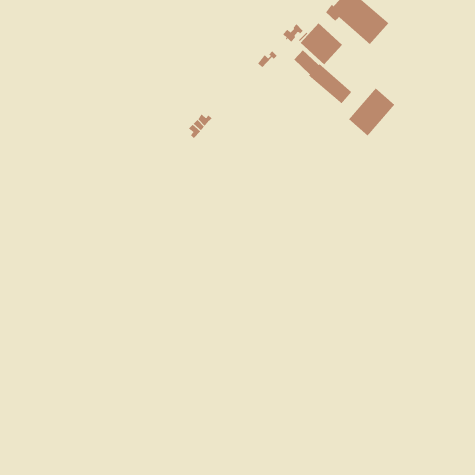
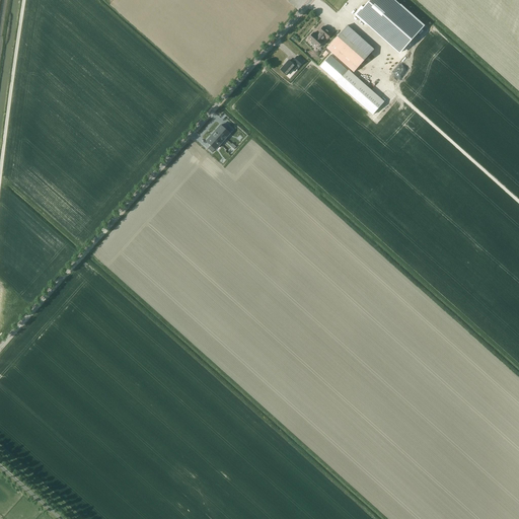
building: [348,87,395,136] -> none

